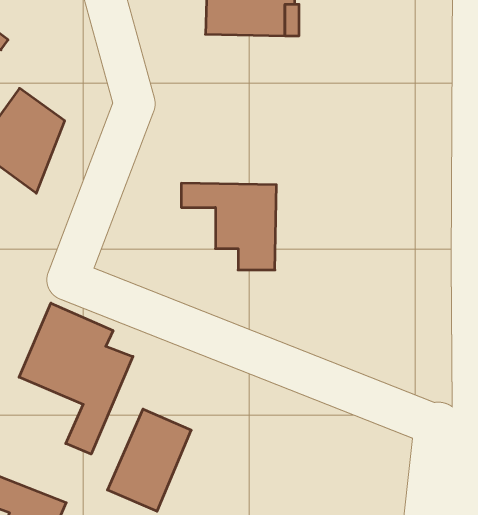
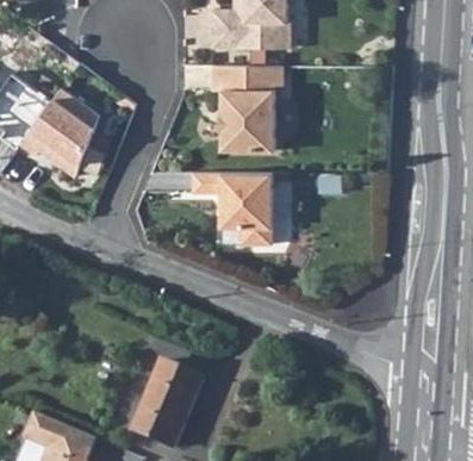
building: none -> [213,63,284,149]
building: [19,303,133,454] -> none

